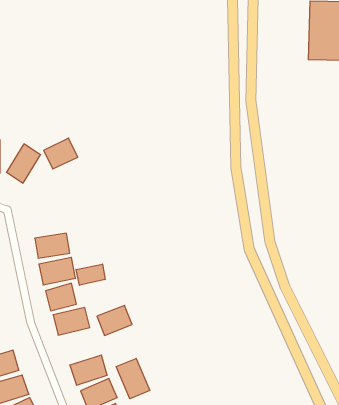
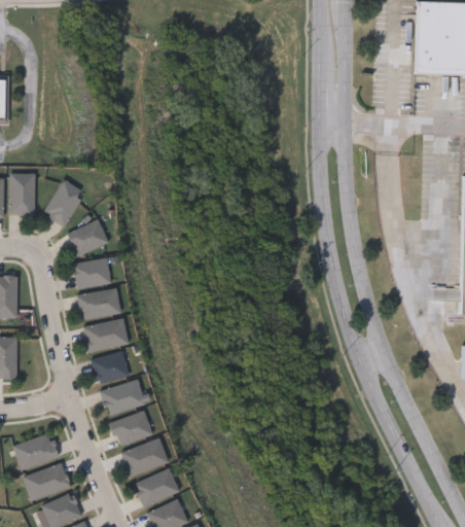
building: [44,138,78,169] -> [66,218,108,256]
building: none -> [72,257,111,289]
building: [76,264,105,285] -> none
building: [97,305,132,335] -> [109,410,152,447]
building: [116,358,150,399] -> none

